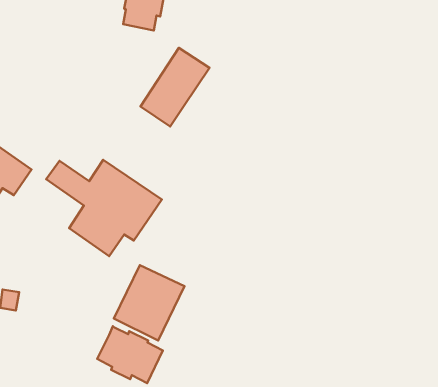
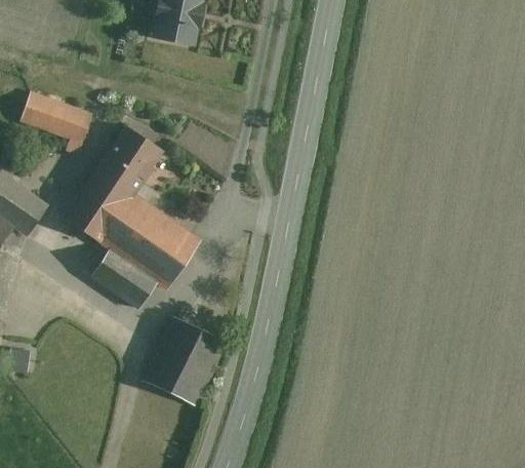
building: [140,48,210,127] -> [80,126,161,219]
building: none -> [21,92,91,142]
building: [97,326,163,383] -> none

